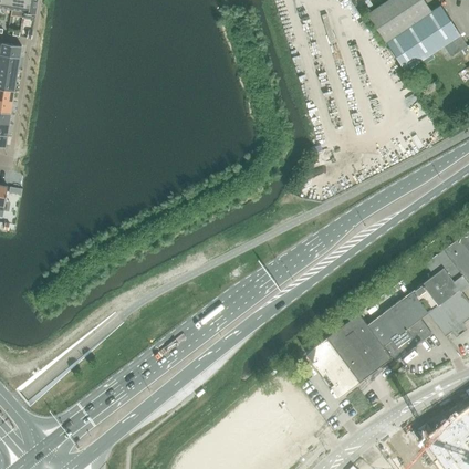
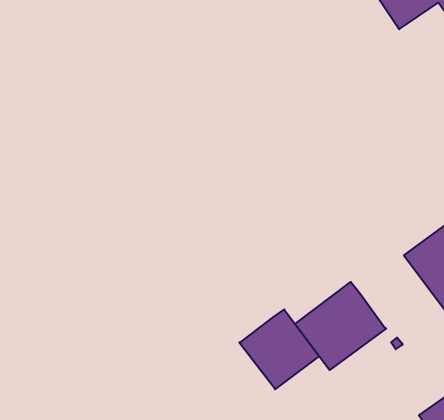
building: [367,291,430,361] -> none
building: none -> [239,309,319,389]

